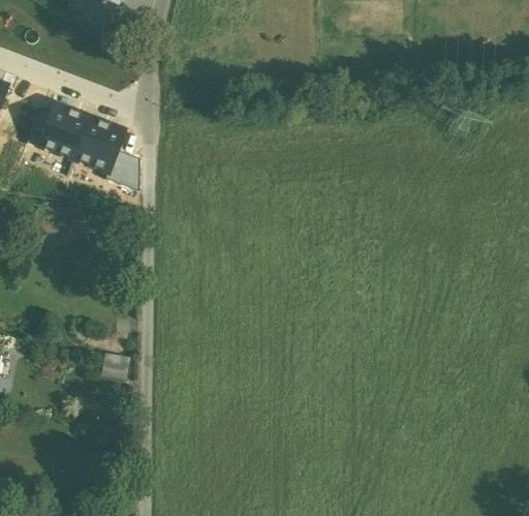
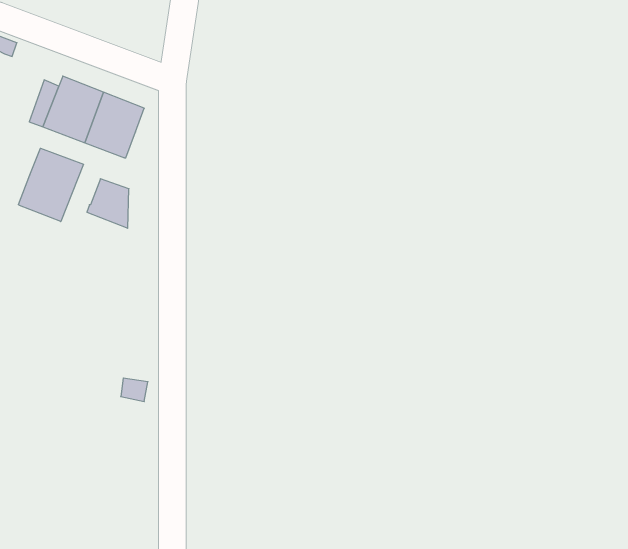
building: [103,148,138,189] -> [87,179,129,228]
building: none -> [18,148,84,222]

